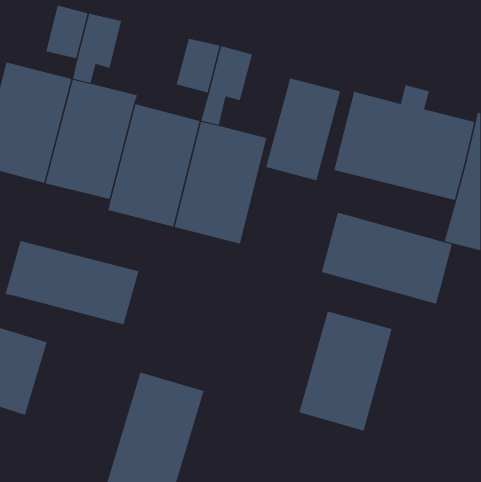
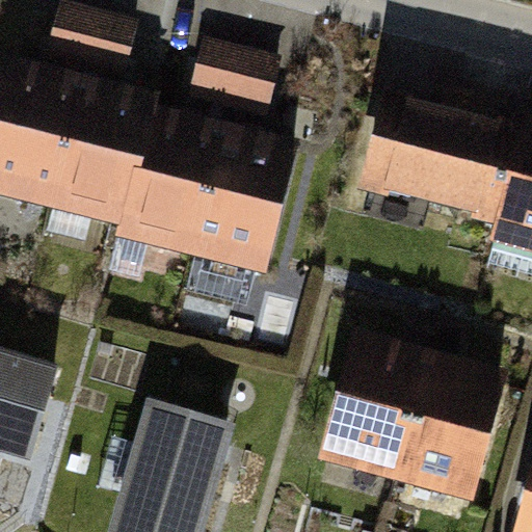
building: [266,78,341,181] -> none
building: [321,212,453,304] -> none
building: [5,240,139,325] -> none
building: none -> [398,364,500,496]

